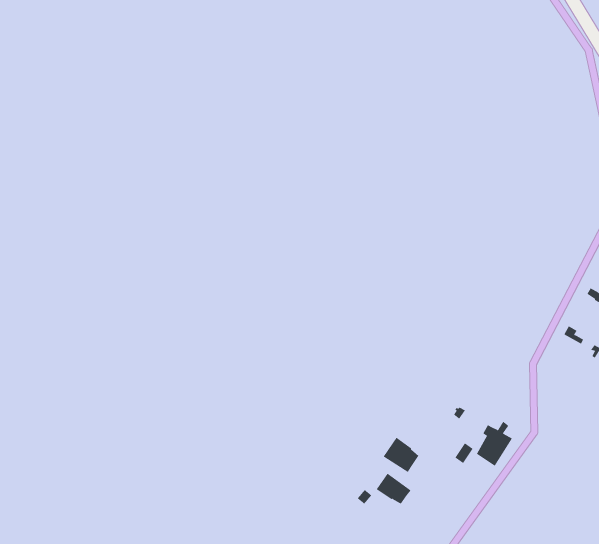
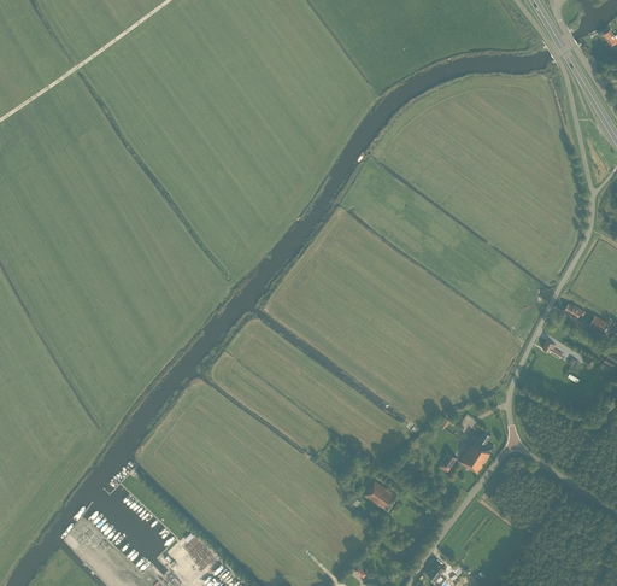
building: [383,437,419,473] -> none

